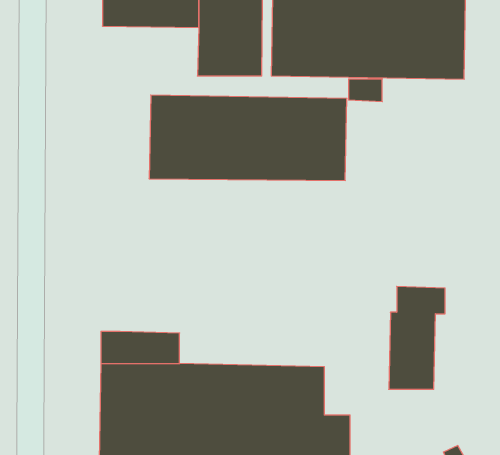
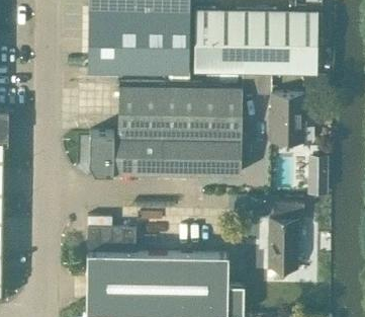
building: none -> [88,42,150,73]
building: none -> [271,95,305,145]
building: none -> [90,135,242,176]
building: none -> [308,158,329,197]

